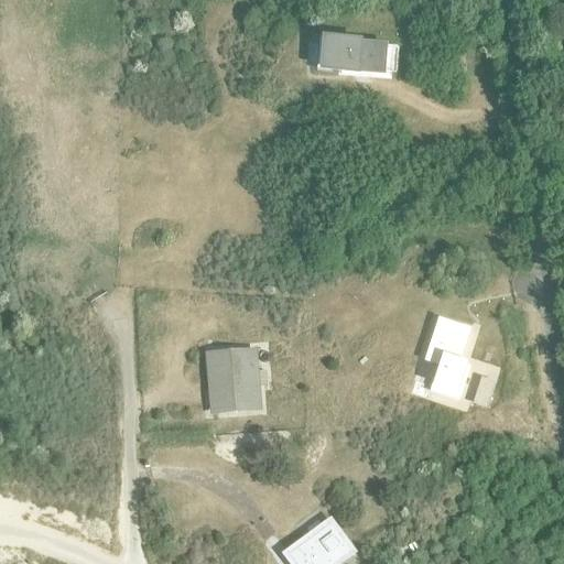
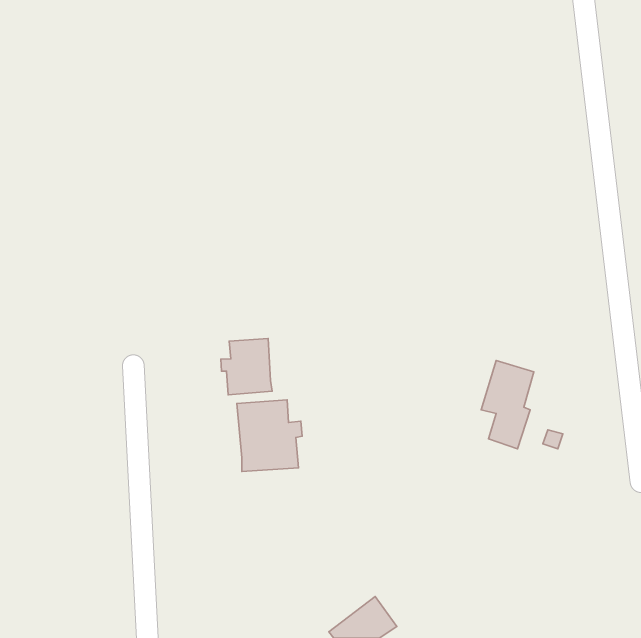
building: [319,39,397,70] -> none
building: none -> [221,338,272,395]

